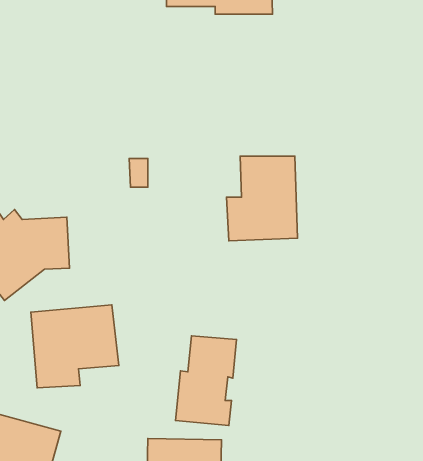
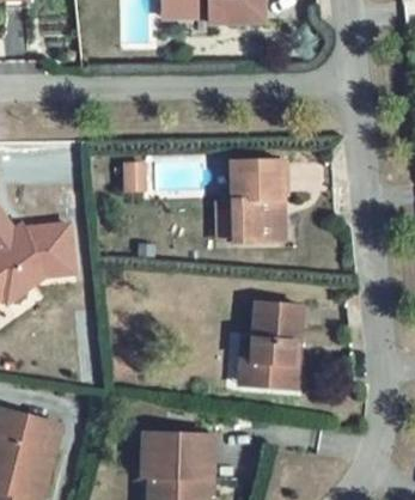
building: [31,305,119,388] -> none
building: [175,336,236,425] -> [244,301,303,388]

